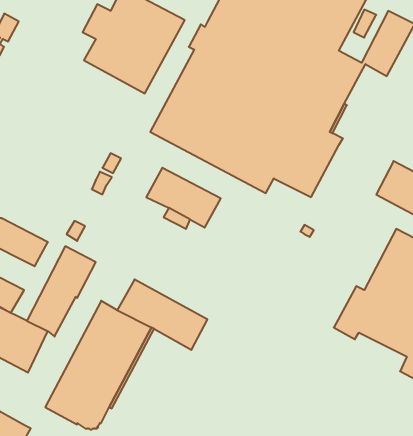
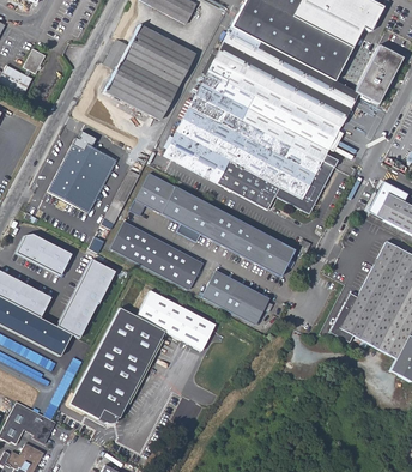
building: none -> [48,138,117,213]
building: none -> [129,173,175,214]
building: none -> [213,214,295,276]
building: none -> [109,222,202,290]
building: none -> [201,271,273,325]

